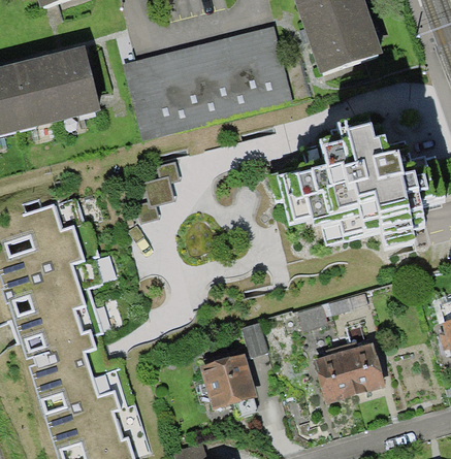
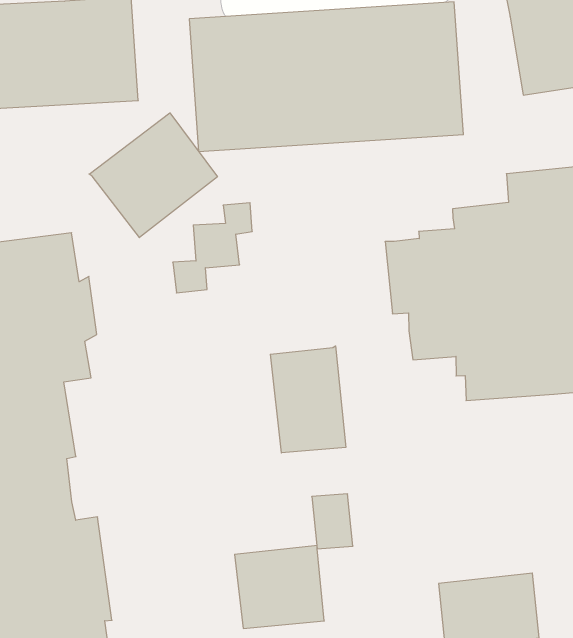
building: none -> [89,113,217,238]
building: none -> [270,346,346,453]

